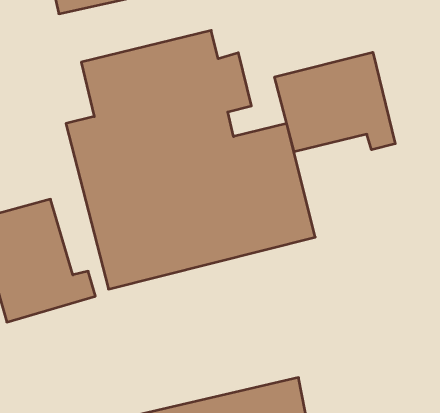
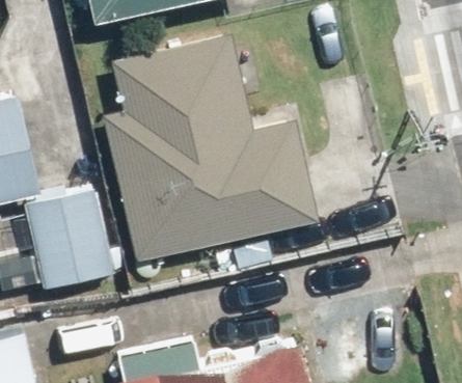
building: [275,52,395,152] -> none

